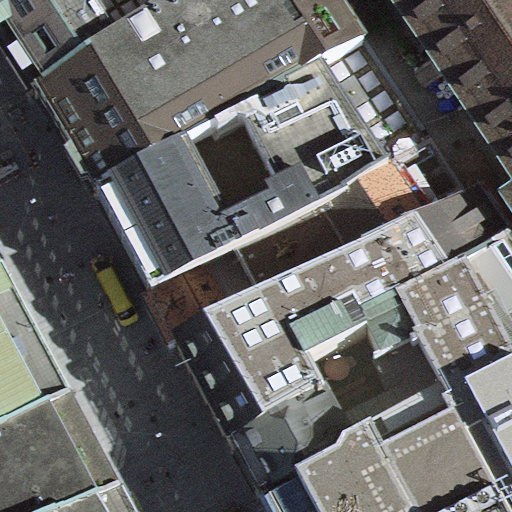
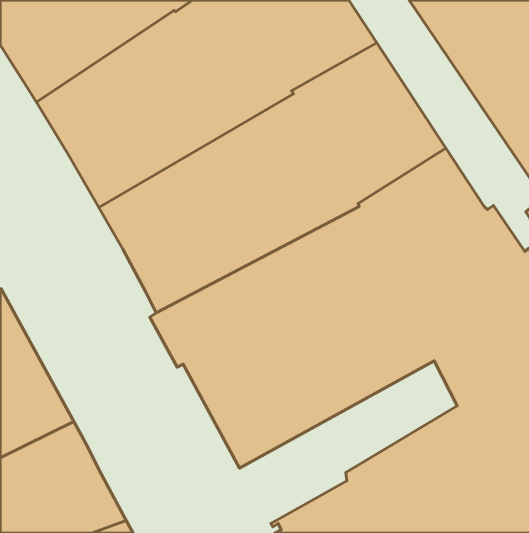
building: [233,346,442,502] -> none

